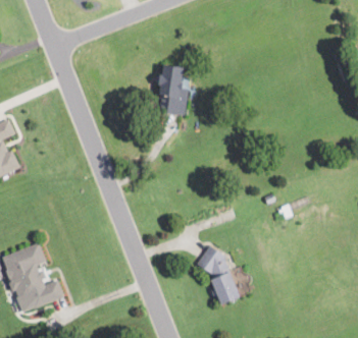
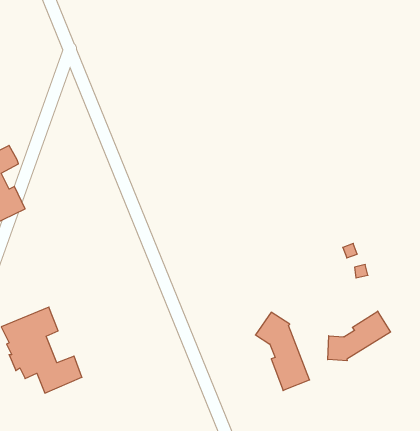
building: [158,66,189,116] -> none
building: none -> [328,311,391,361]

